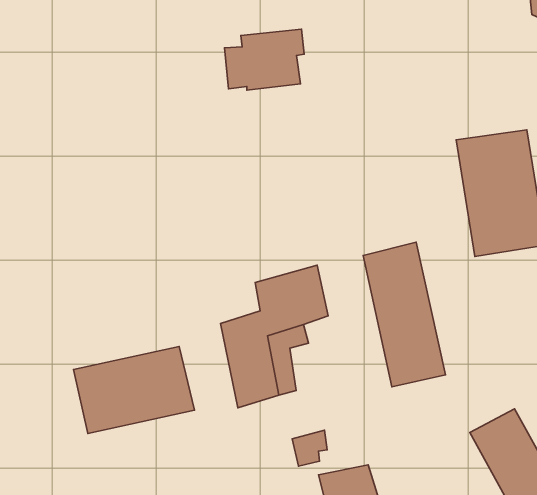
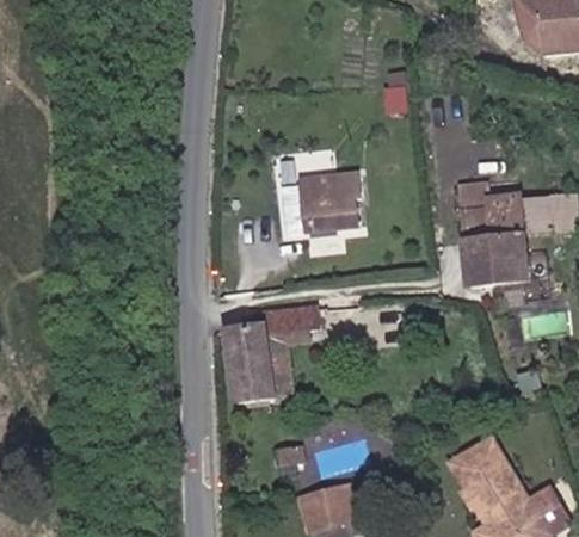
building: [225,29,304,90] -> [276,166,352,224]
building: [363,242,445,387] -> none
building: [74,347,194,434] -> none

